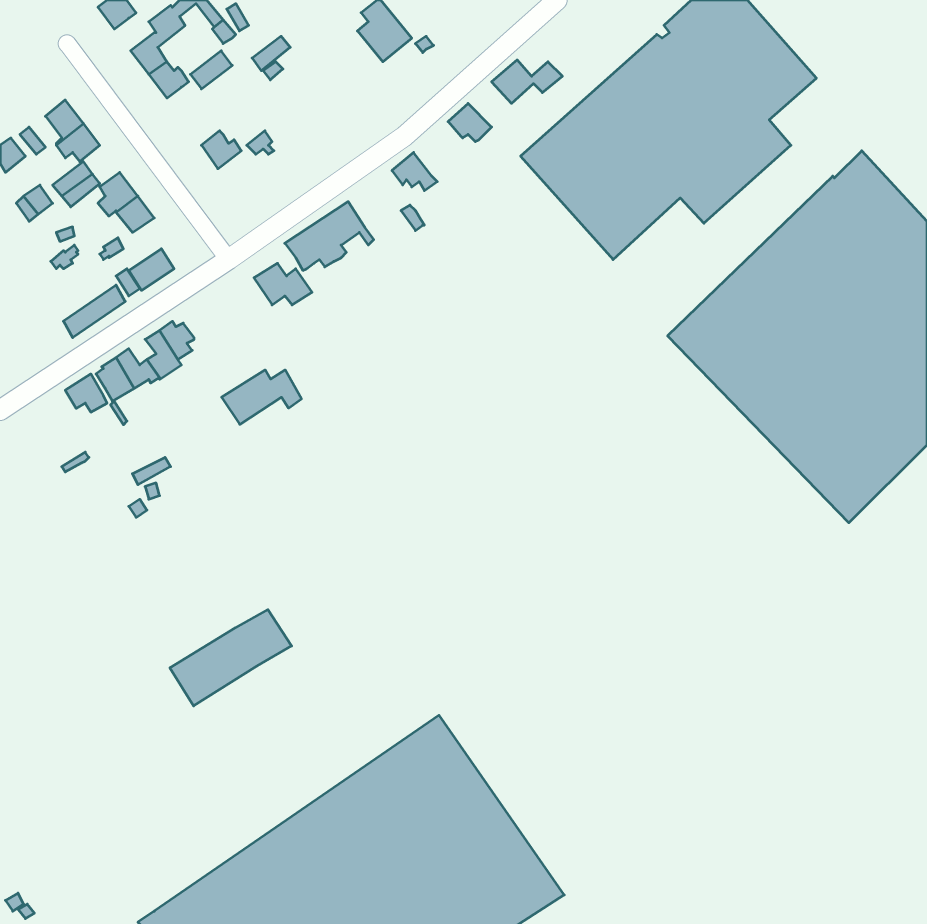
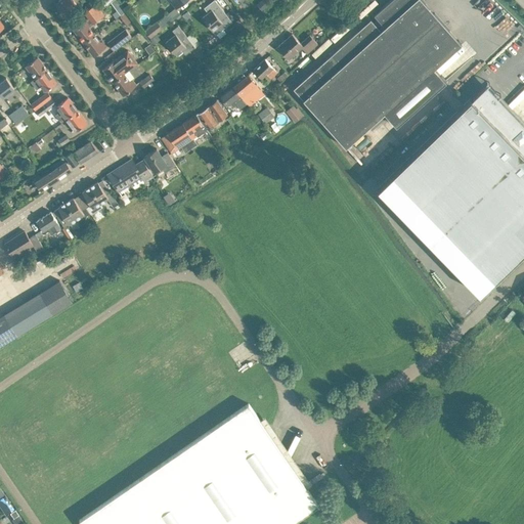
building: none -> [166,28,195,57]
building: none -> [103,52,138,84]
building: none -> [233,76,263,106]
building: none -> [196,101,226,130]
building: [222,370,301,424] -> [107,162,152,192]
building: none -> [5,232,43,258]
building: [170,610,292,706] -> [4,282,73,337]

